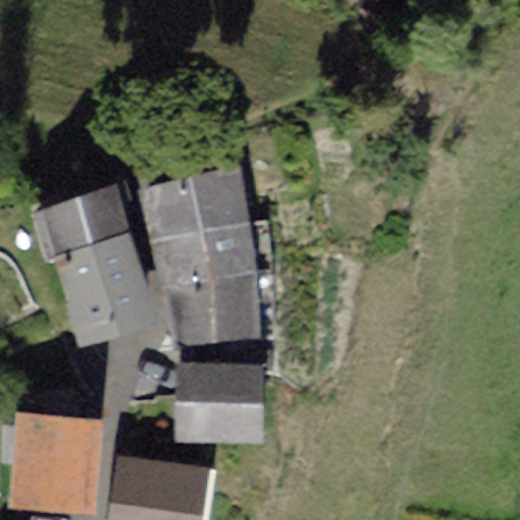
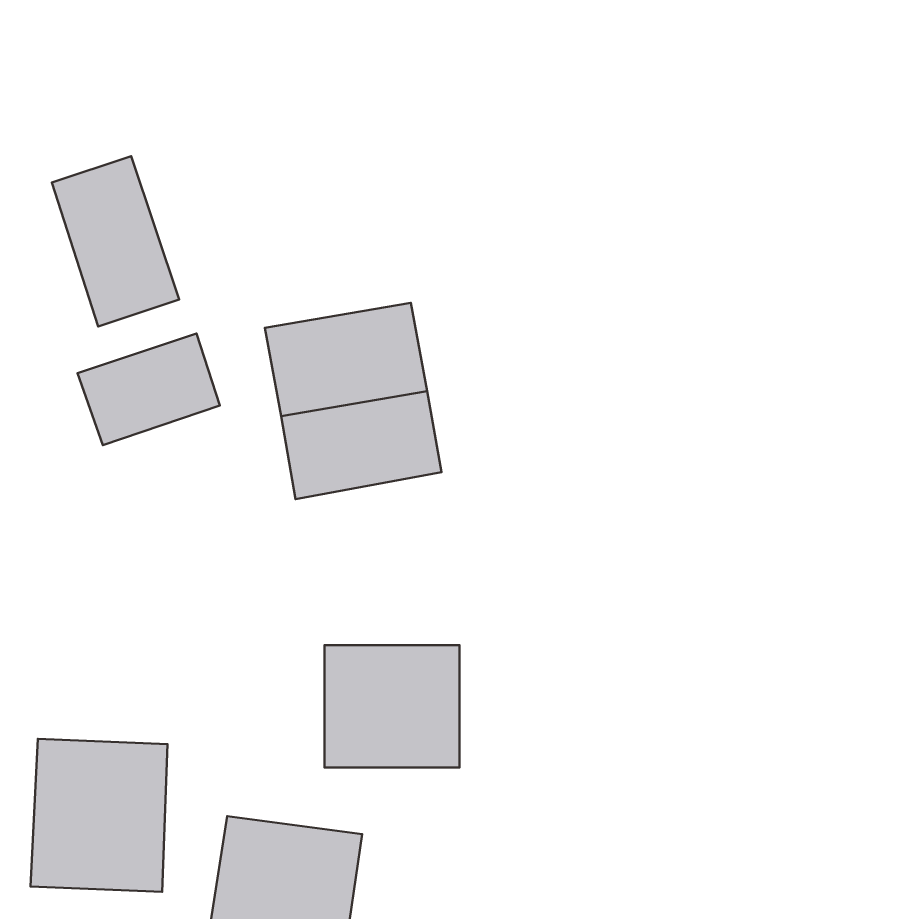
building: none -> [52,156,179,326]
building: [59,230,154,338] -> none
building: [168,267,261,340] -> none

